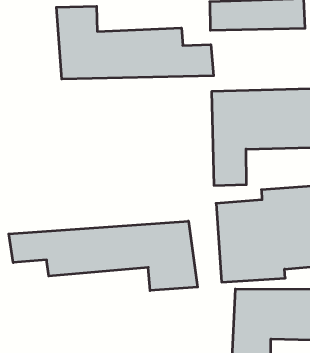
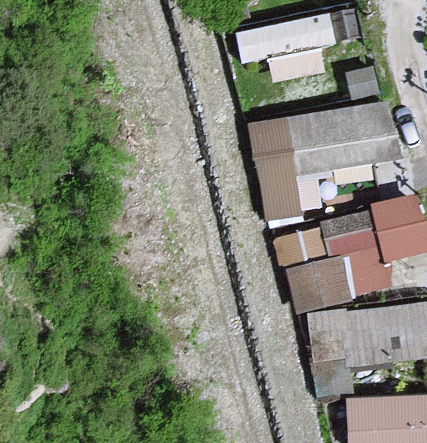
building: [56,6,214,79] -> none
building: [9,221,198,291] -> none

